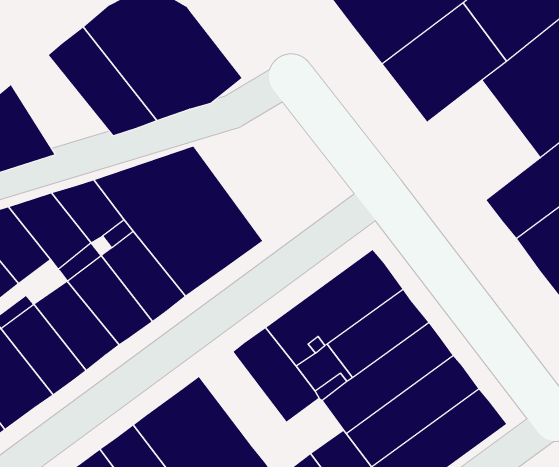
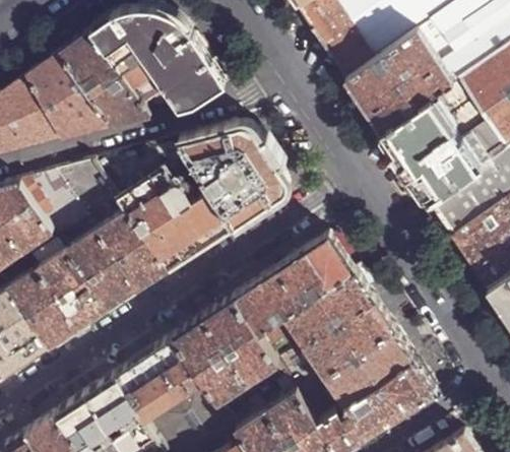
building: none -> [29,57,114,142]
building: none -> [383,99,479,201]
building: none -> [183,127,285,225]
building: none -> [177,319,249,401]

